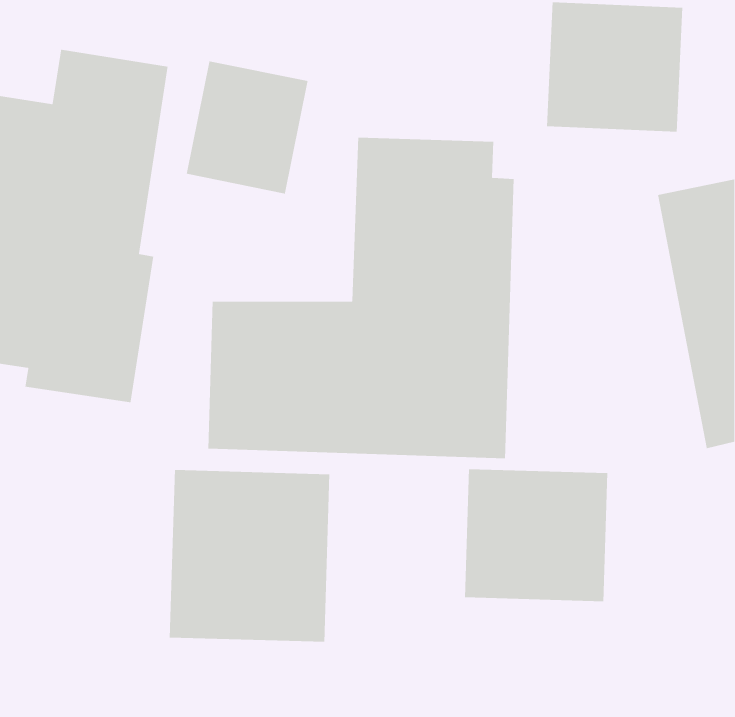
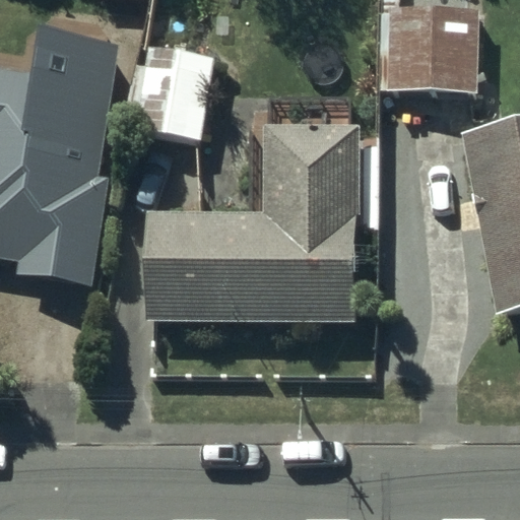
building: [464,468,608,602] -> none
building: [169,469,330,643] -> none

